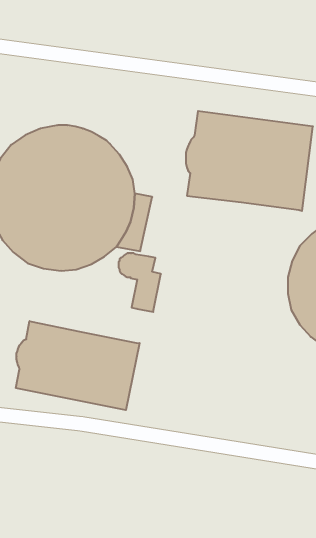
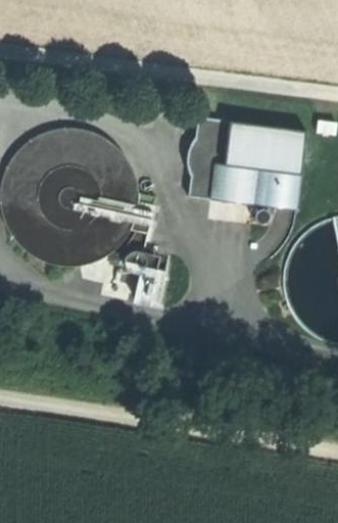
building: [16,321,140,410] -> none

